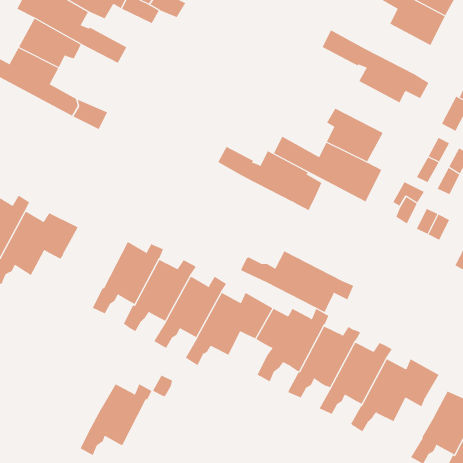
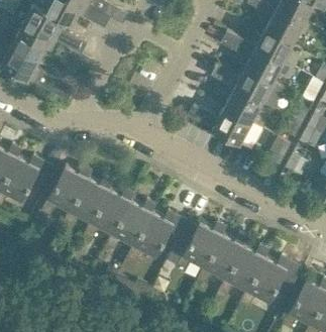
building: none -> [251,28,301,69]
building: [217,146,322,211] -> [212,65,284,109]
building: [241,250,355,313] -> none
building: [80,384,152,456] -> [42,167,92,216]

